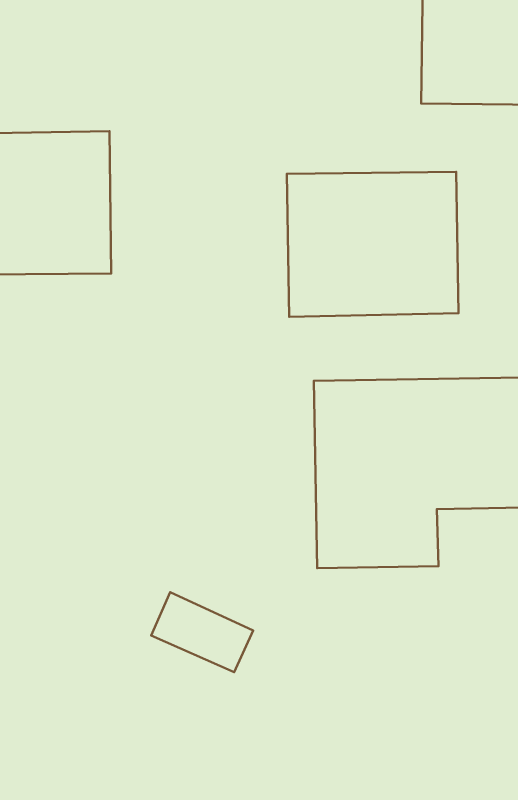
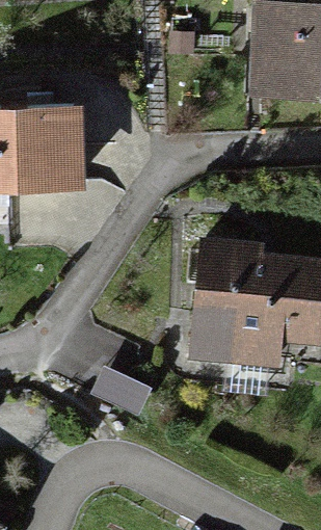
building: [287,172,459,317] -> none

